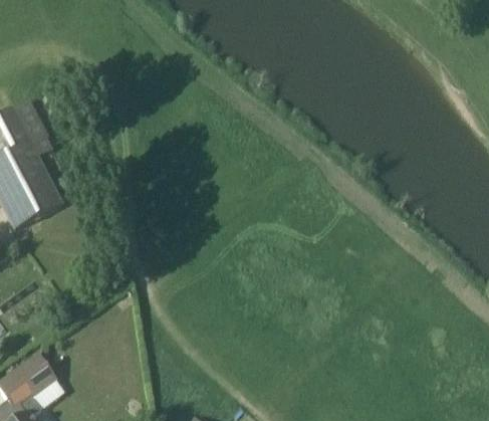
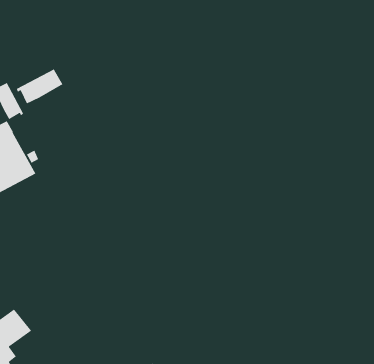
building: none -> [16,68,64,104]

